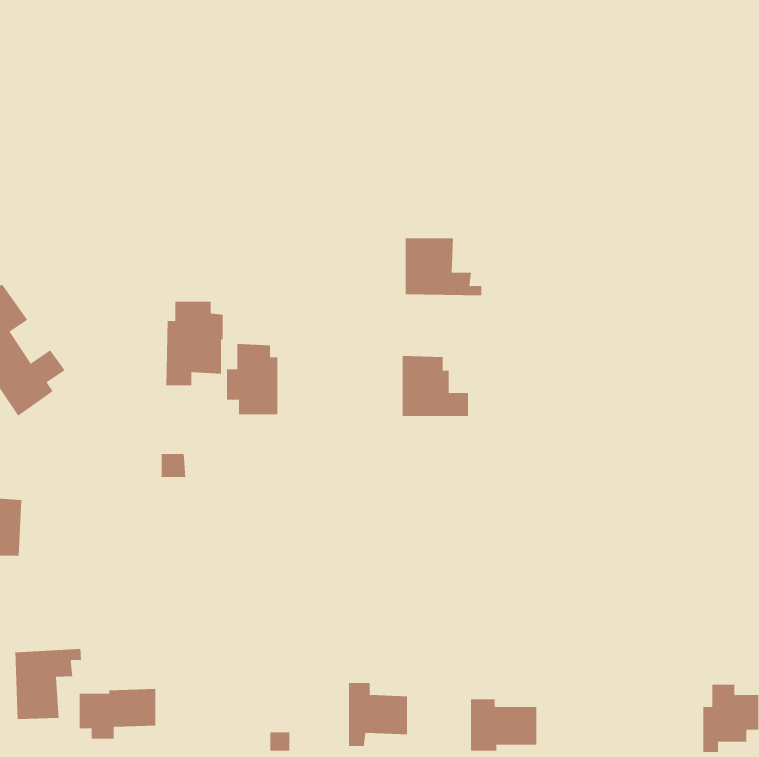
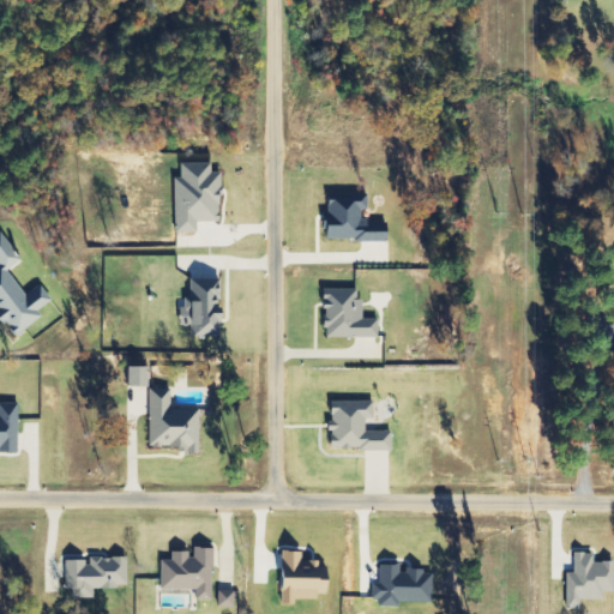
building: [165,301,223,386] -> [175,162,222,230]
building: none -> [149,387,199,449]
building: none -> [330,399,391,449]
building: [15,648,81,720] -> none
building: none -> [161,546,212,598]

